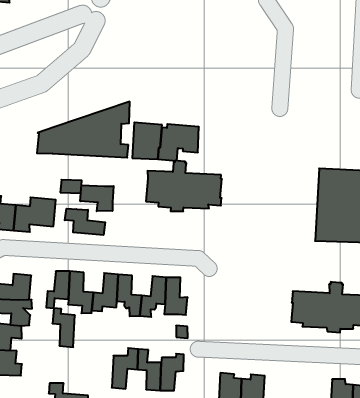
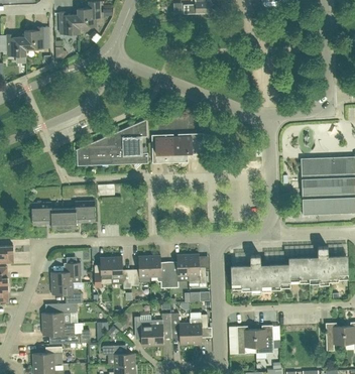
building: [146,161,222,211] -> [230,254,290,294]
building: [80,185,114,211] -> none
building: [65,209,105,235] -> none
building: [52,308,75,347] -> [134,316,152,345]

